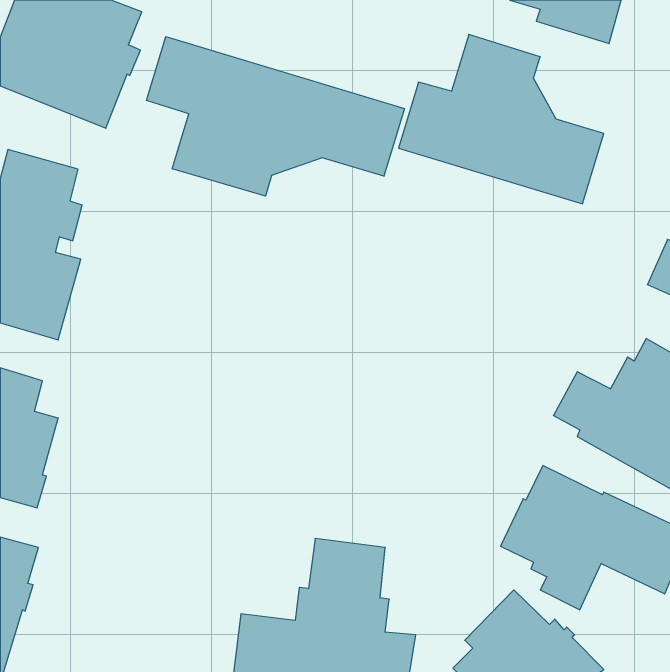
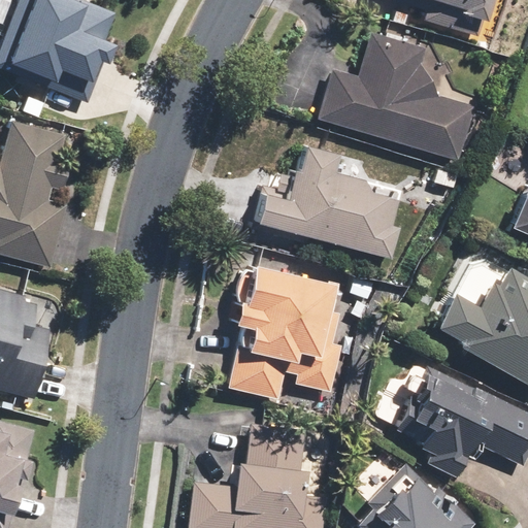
building: [146,37,404,196] -> none
building: none -> [254,144,400,259]
building: none -> [227,263,341,399]

